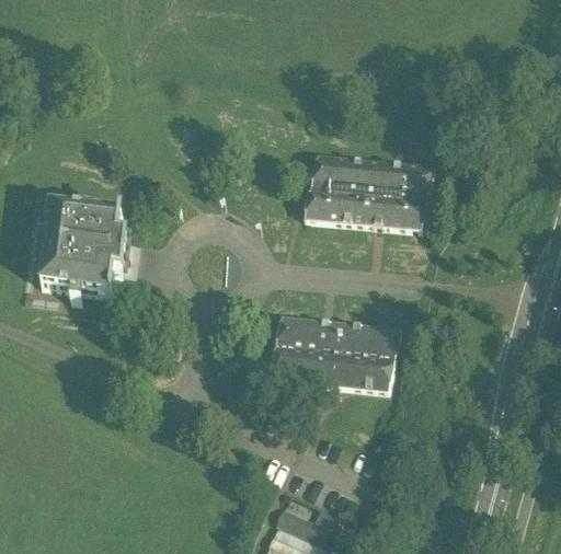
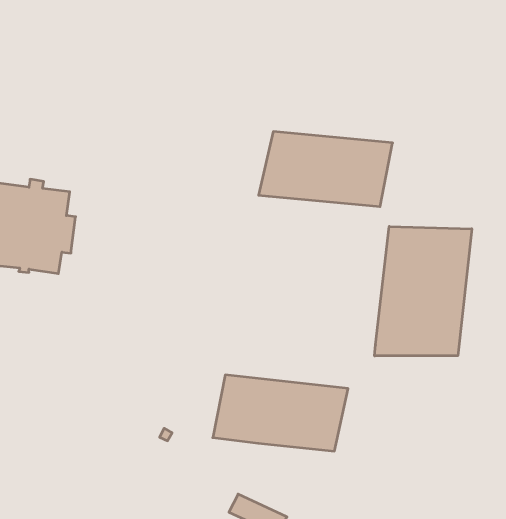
building: none -> [375,226,472,356]
building: [268,316,399,390] -> [213,375,348,451]

